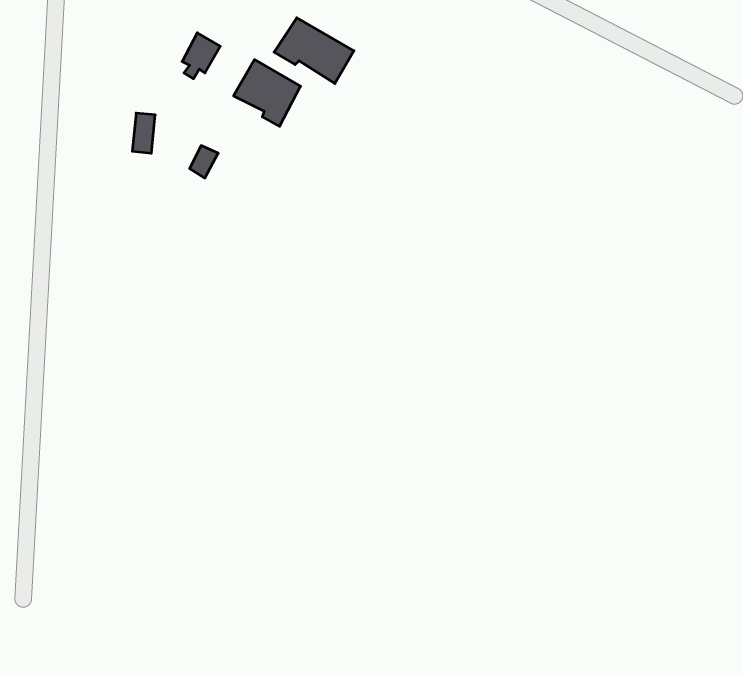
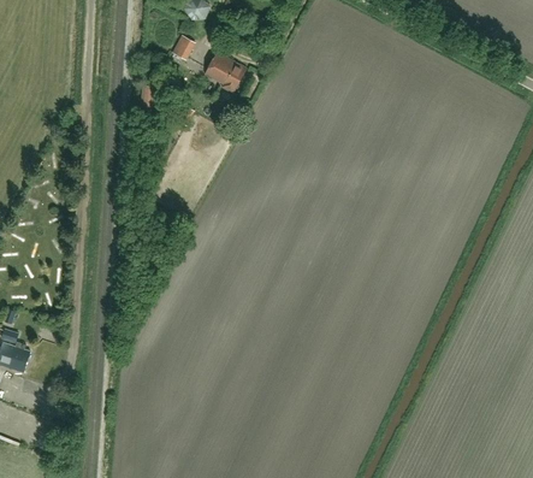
building: [274,18,354,84] -> none

